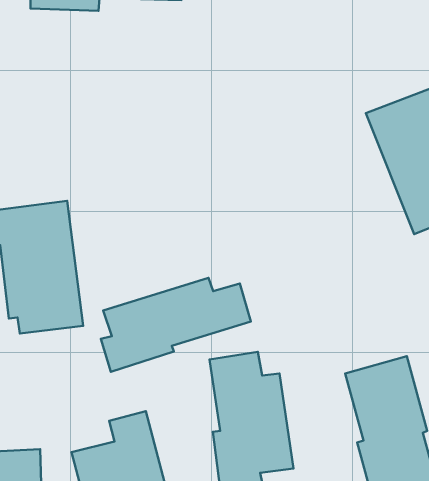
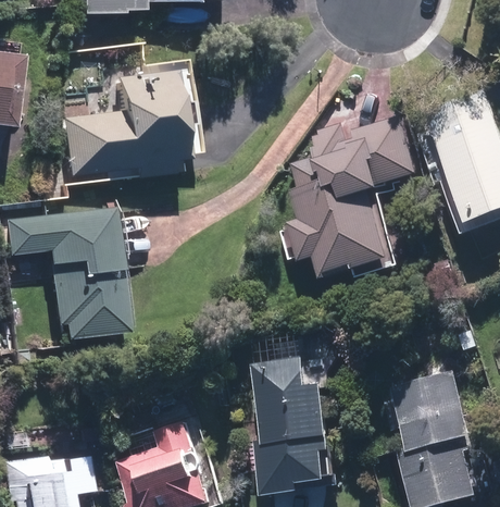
building: none -> [49,69,183,180]
building: none -> [286,115,420,280]
building: [101,278,251,372] -> none

